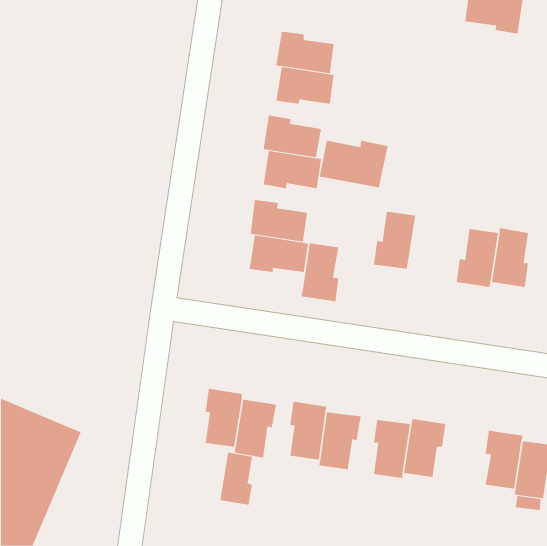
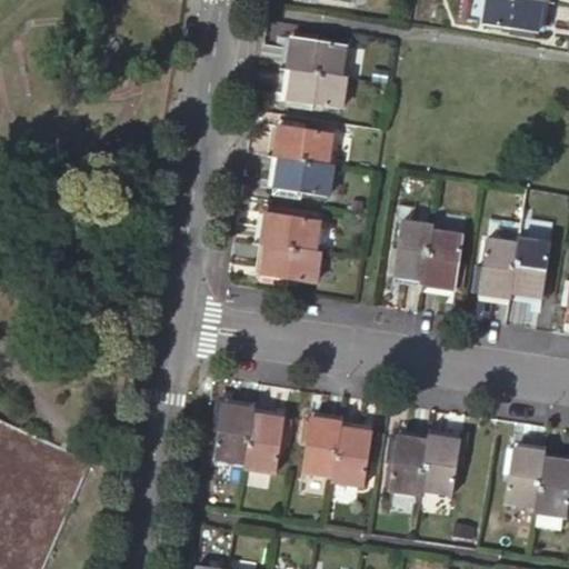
building: [319,140,388,188] -> none
building: [301,243,339,302] -> [422,229,462,290]
building: [220,452,253,505] -> none

